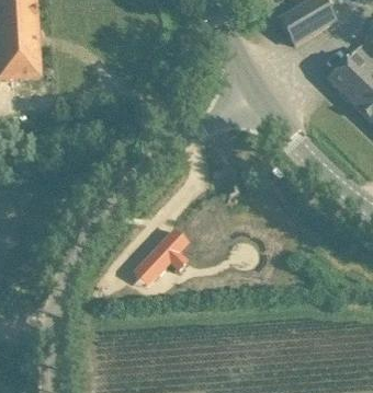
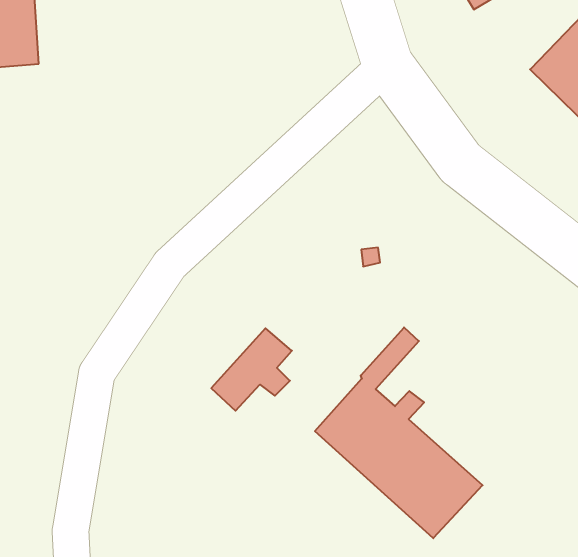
building: none -> [315,327,483,538]

